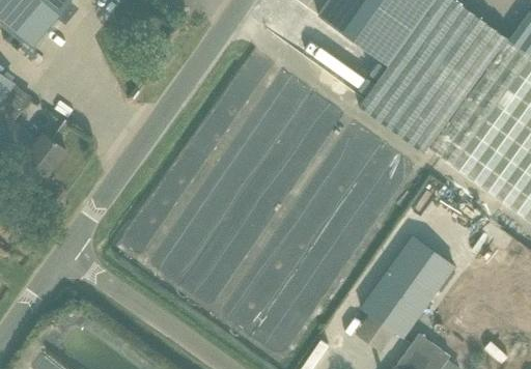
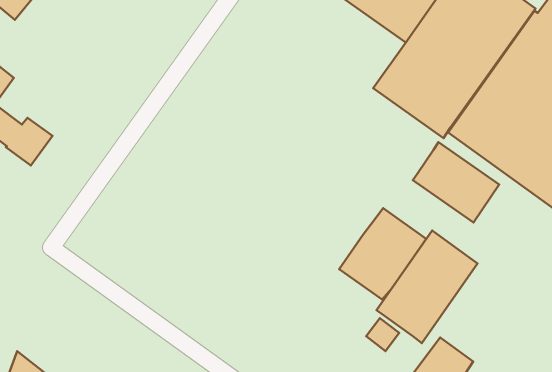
building: none -> [413,142,499,222]
building: none -> [339,208,426,300]

